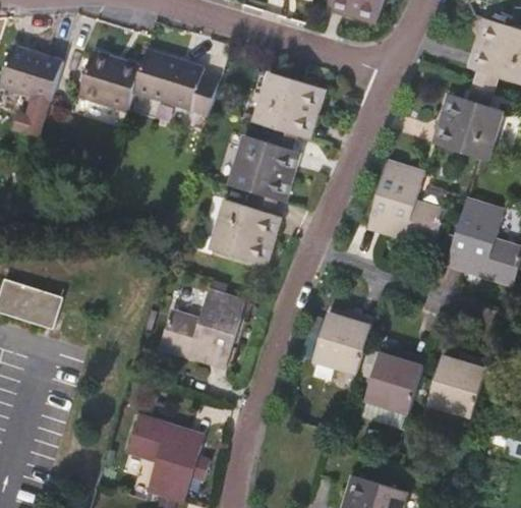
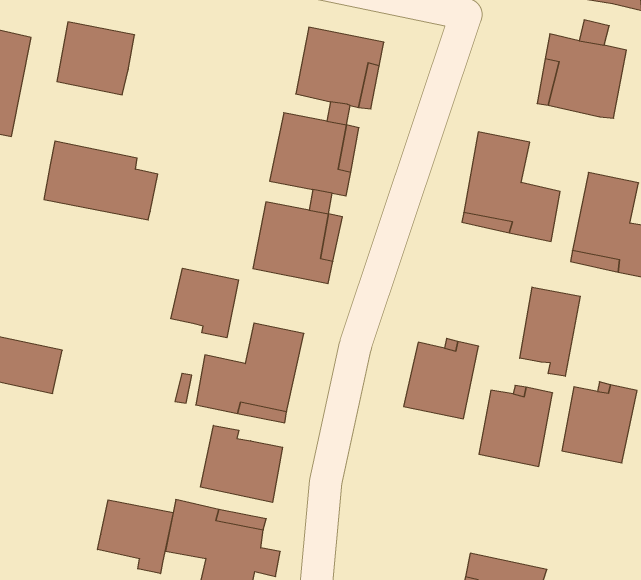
building: [130,49,217,114] -> [44,141,158,220]
building: none -> [171,268,239,338]
building: none -> [520,287,580,376]
building: none -> [201,425,283,502]
building: none -> [98,500,173,574]

